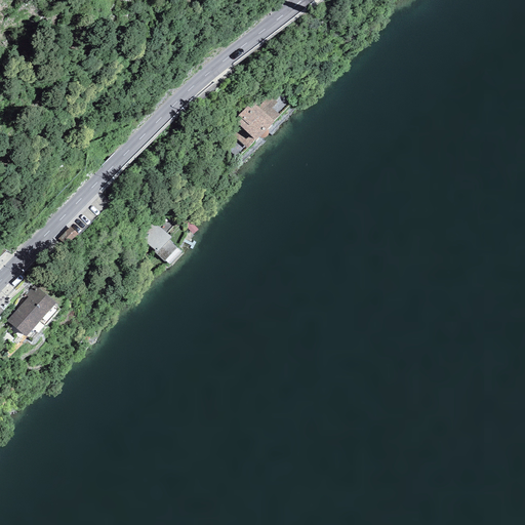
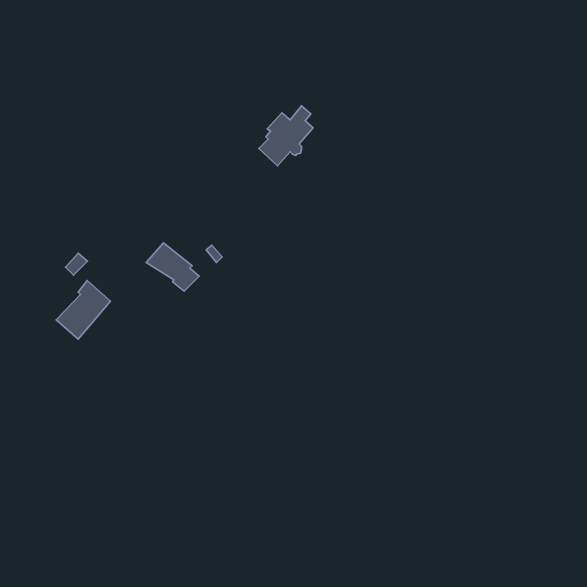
building: [7,284,55,336] -> [56,281,110,339]

